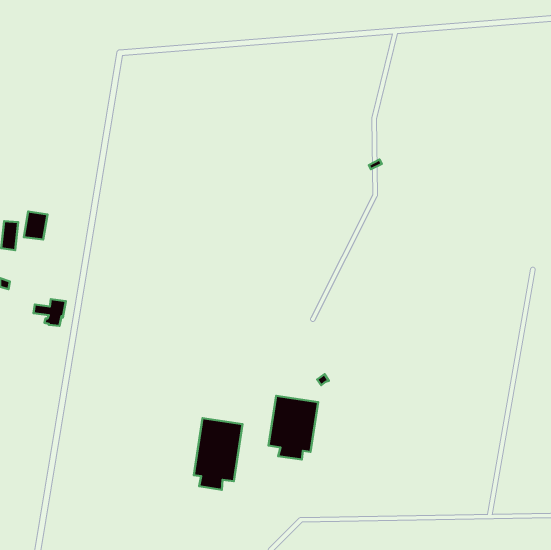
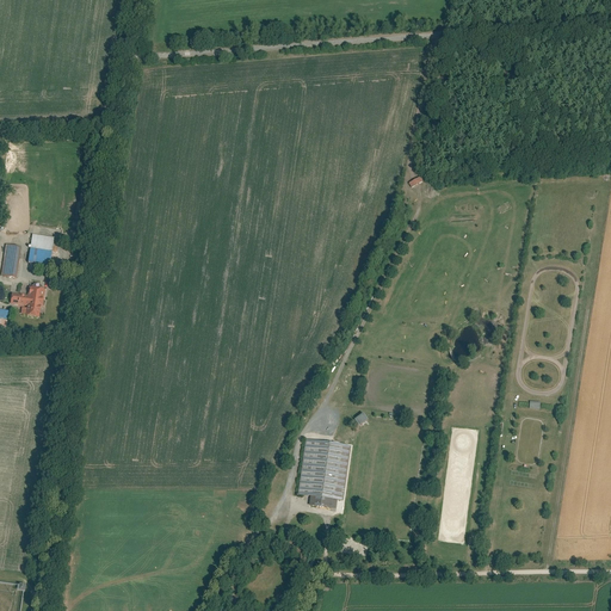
building: [34,299,66,326] -> [8,286,44,316]
building: [194,418,243,490] -> none

